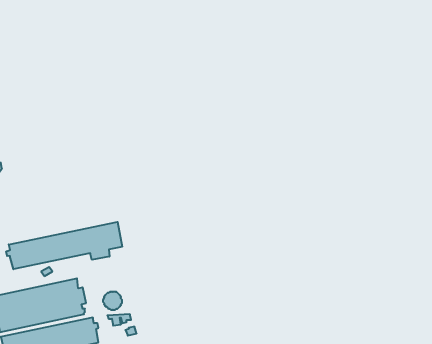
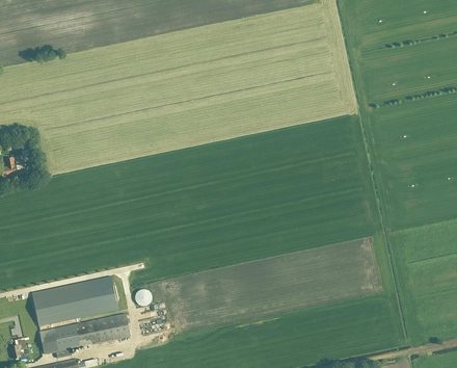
building: [6,222,122,269] -> none

